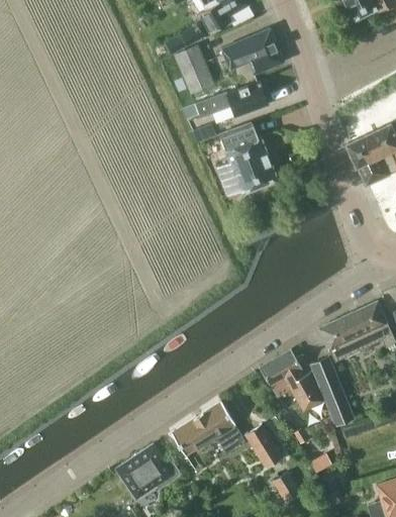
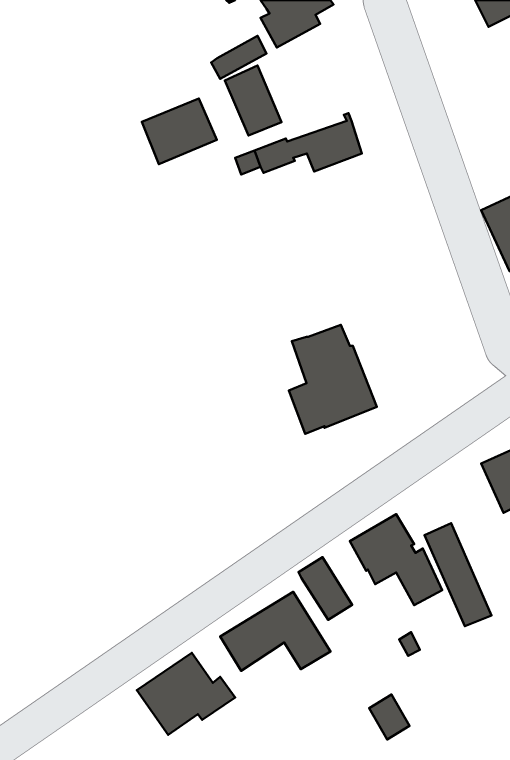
building: [221,28,284,74] -> none
building: none -> [142,99,217,164]
building: [216,122,276,196] -> [289,325,377,434]
building: [319,315,364,361] -> none
building: [245,424,282,467] -> [299,557,352,620]

